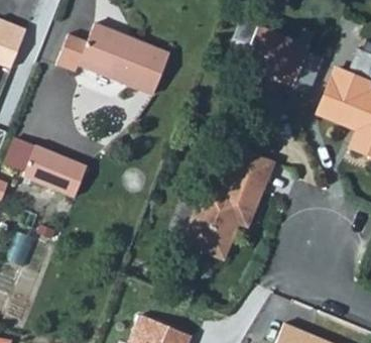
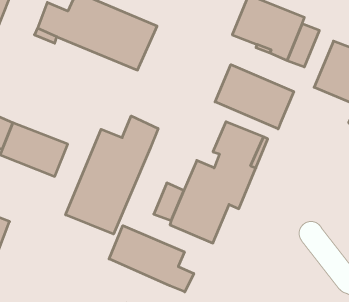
building: none -> [215,65,294,129]
building: none -> [66,116,158,234]
building: none -> [109,226,194,292]

